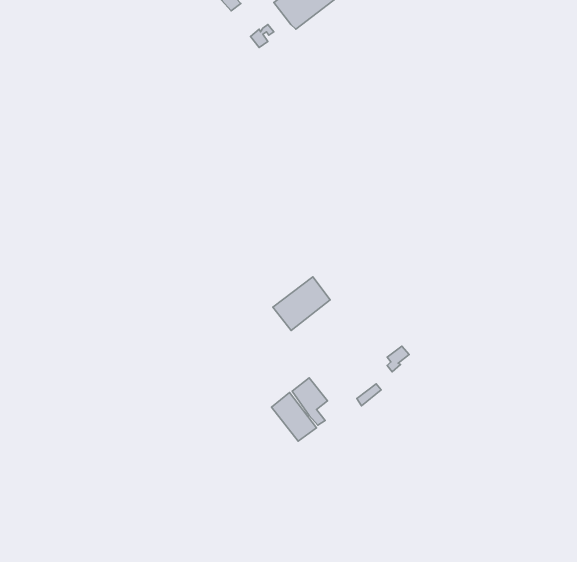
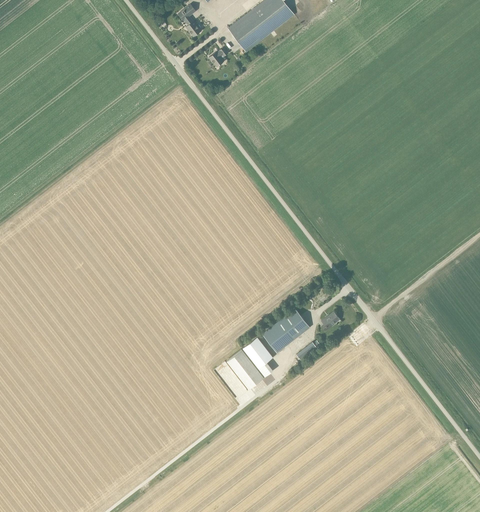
building: [273,277,330,330] -> [262,308,309,352]

